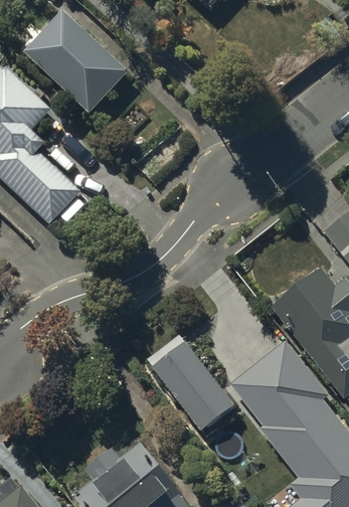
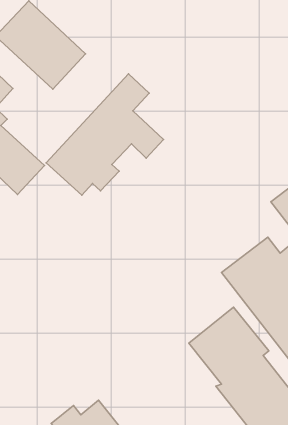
building: none -> [46,74,163,195]
building: [149,330,230,418] -> none

